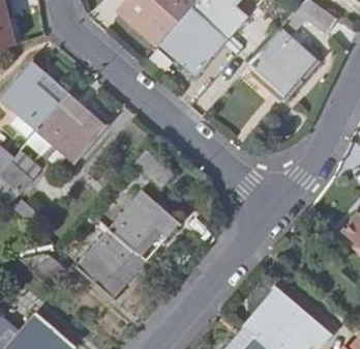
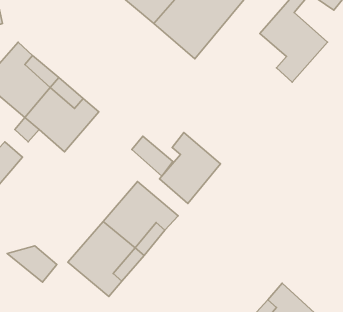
building: none -> [159,133,221,203]

